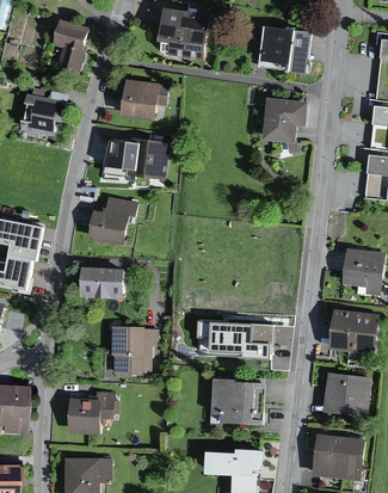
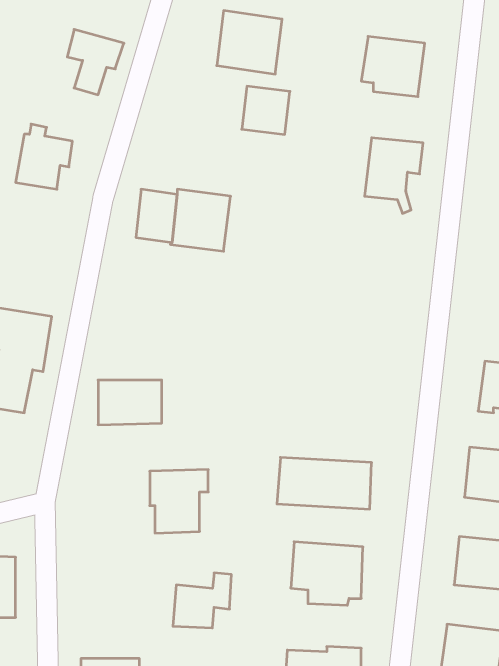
building: [124,81,158,115] -> [242,86,290,134]
building: [92,198,134,242] -> none
building: [69,392,110,430] -> [173,573,231,628]

